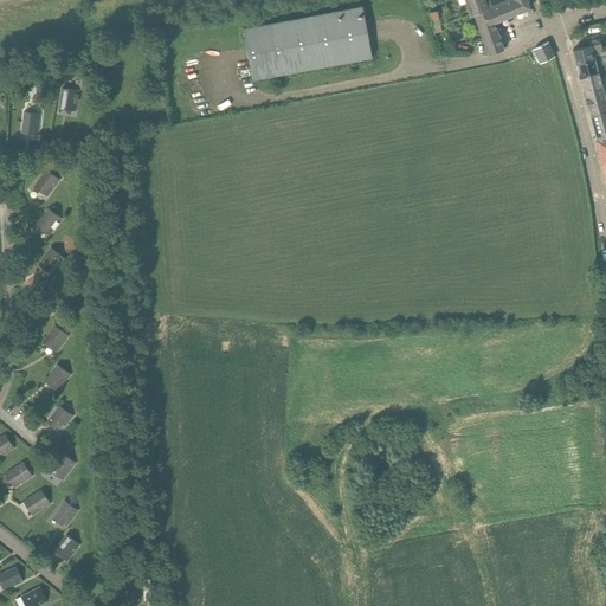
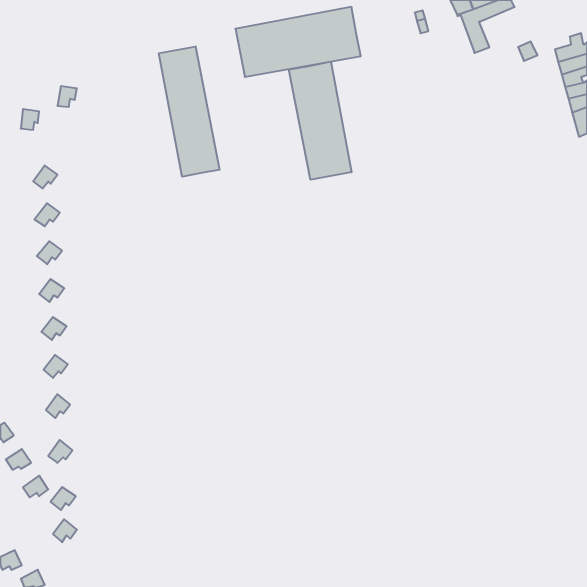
building: none -> [159,46,220,177]
building: none -> [289,62,352,180]

